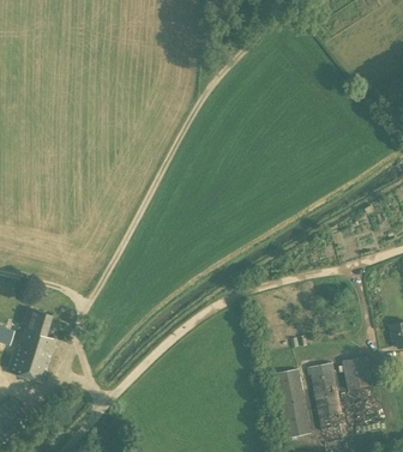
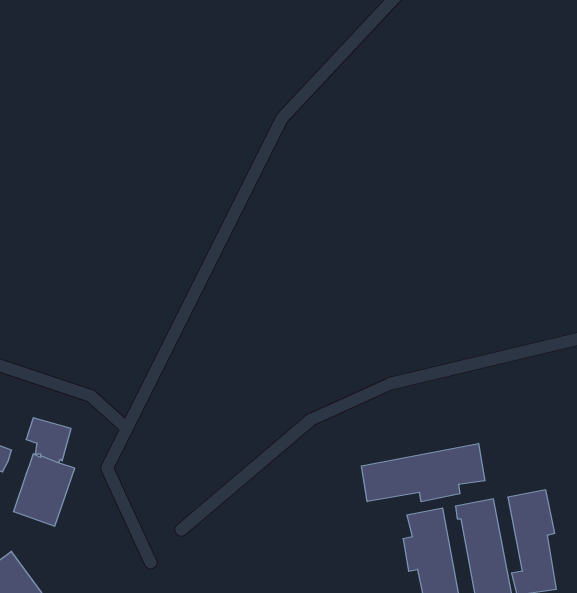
building: none -> [361,443,485,502]

